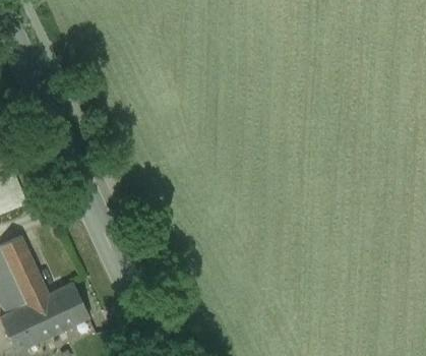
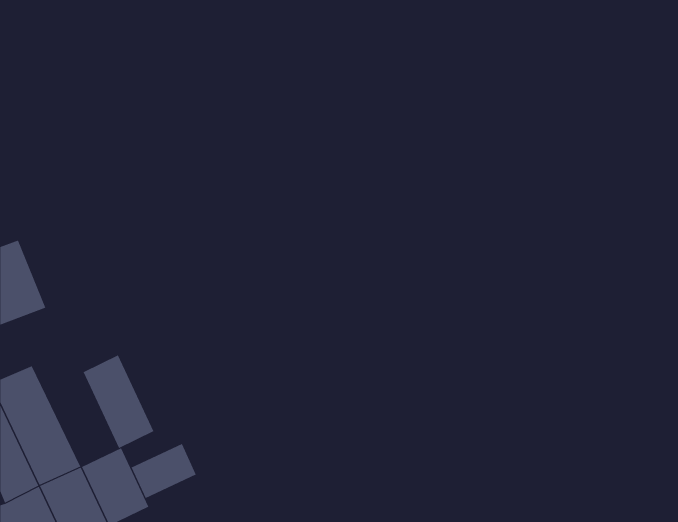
building: none -> [83,355,154,449]
building: none -> [131,443,197,499]

